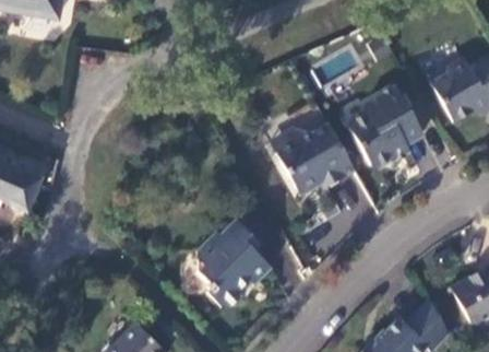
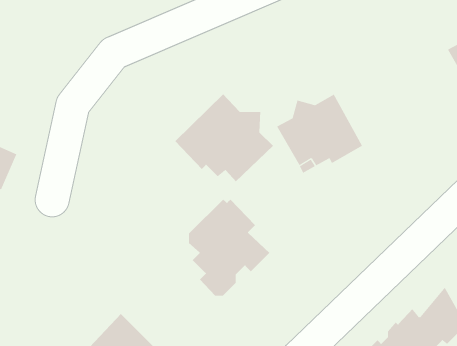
building: [350,86,422,167] -> none
building: none -> [174,94,274,182]

